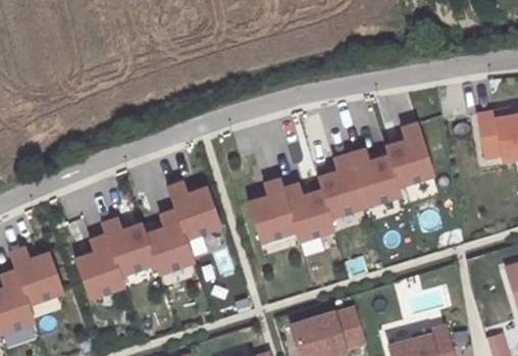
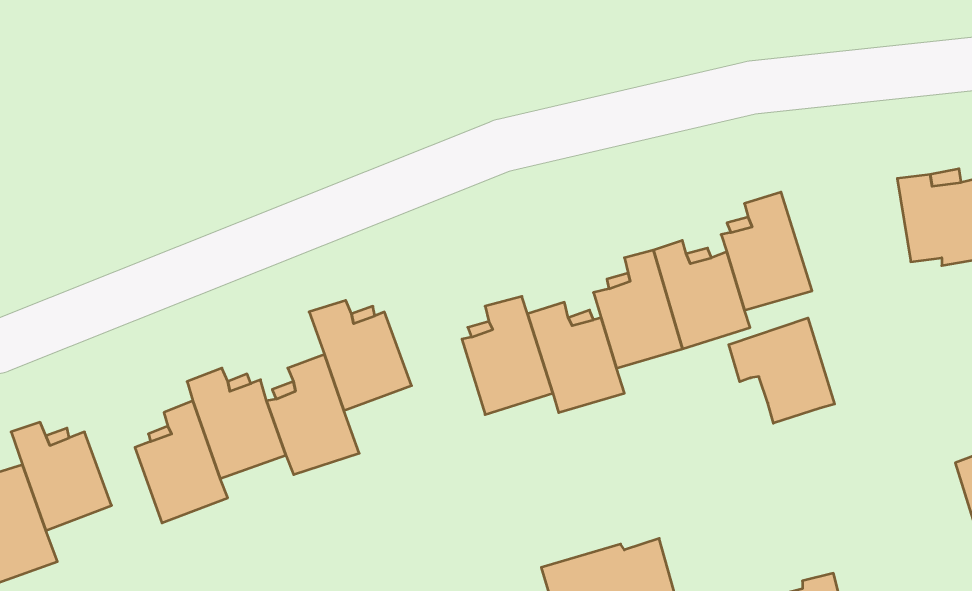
building: none -> [729,318,835,423]

